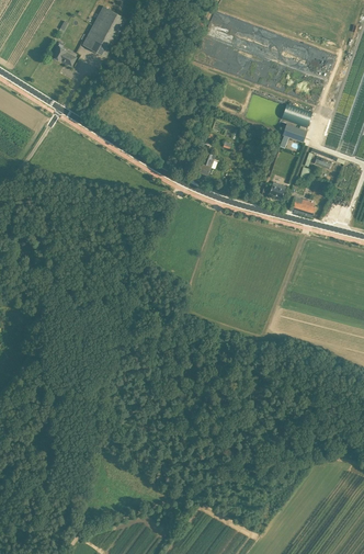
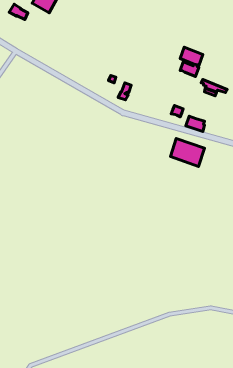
building: none -> [170,139,205,167]

